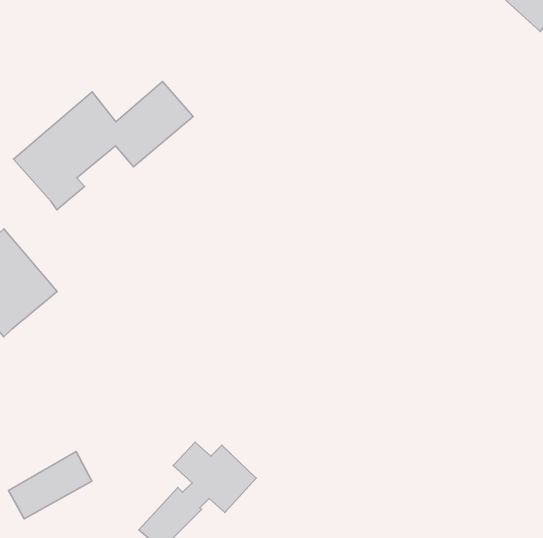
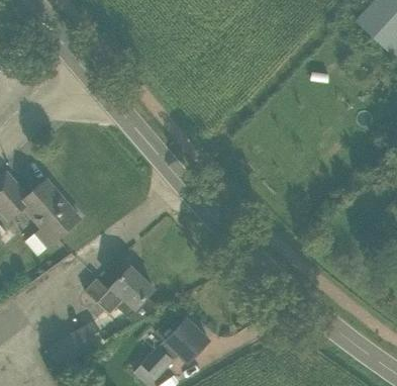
building: [14,81,193,210] -> none
building: none -> [84,266,154,316]

